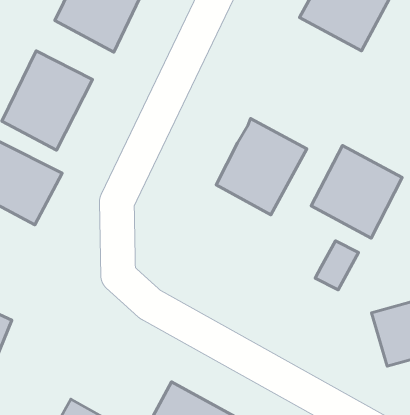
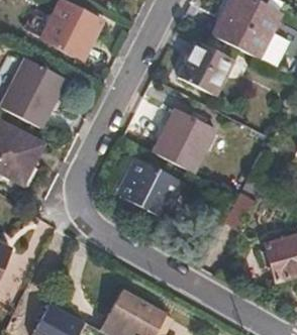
building: none -> [175,41,231,96]
building: [311,145,402,238] -> none
building: none -> [125,161,185,219]

